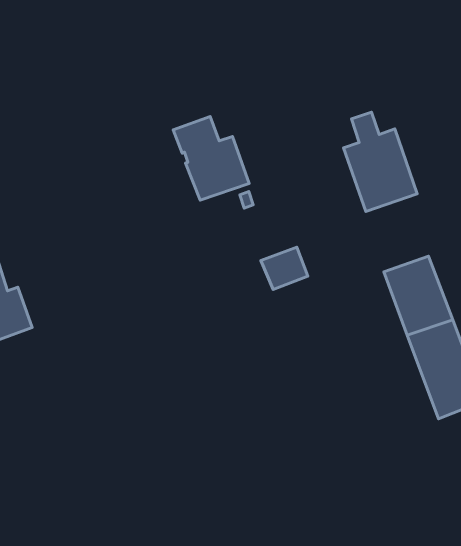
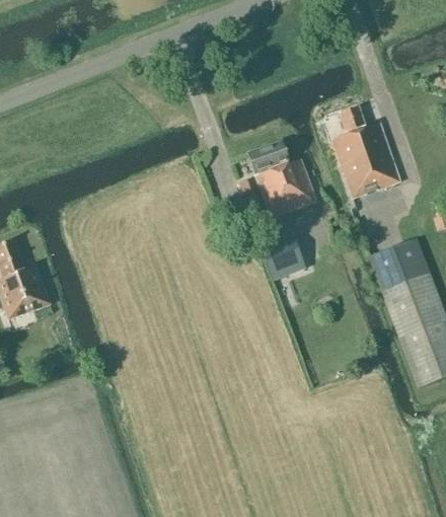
building: [173,116,249,200] -> [248,141,317,217]

